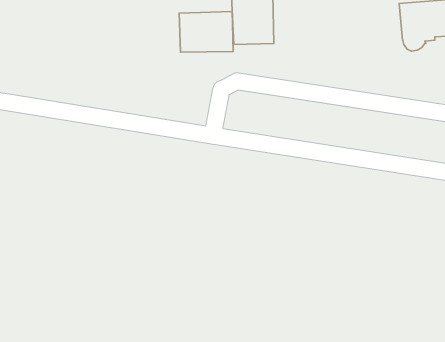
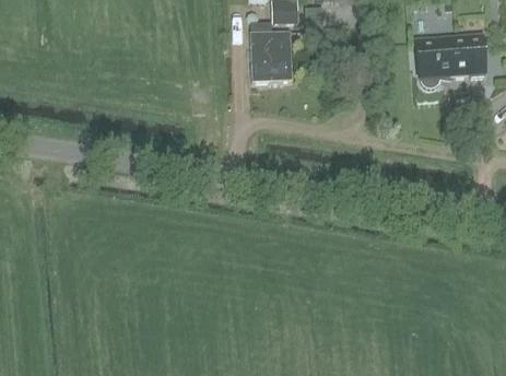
building: [179,11,233,52] -> none

